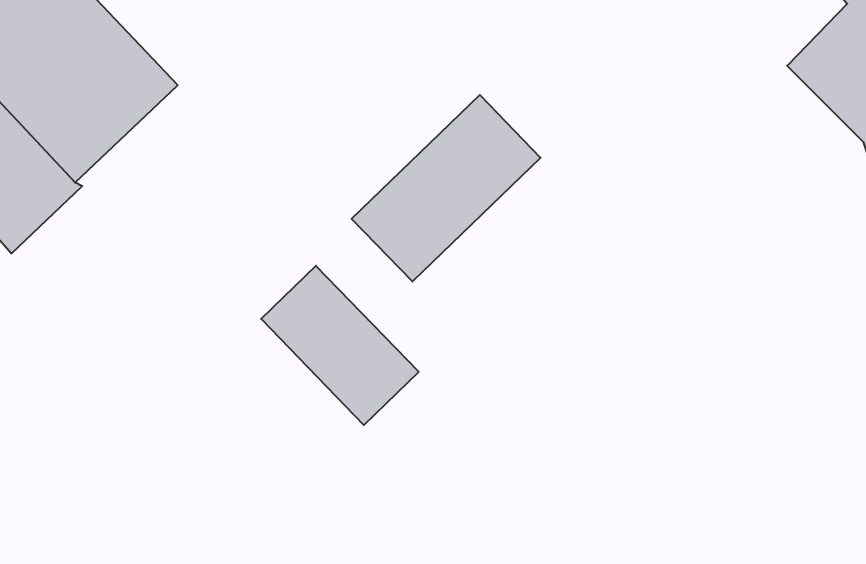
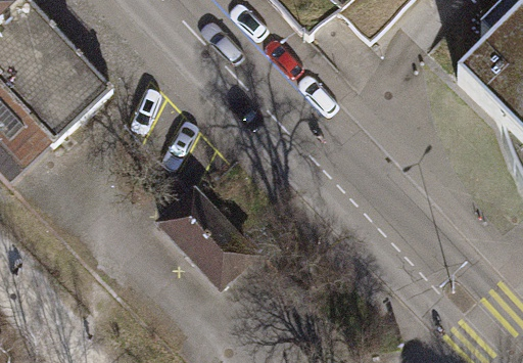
building: [352,95,541,282] -> none

